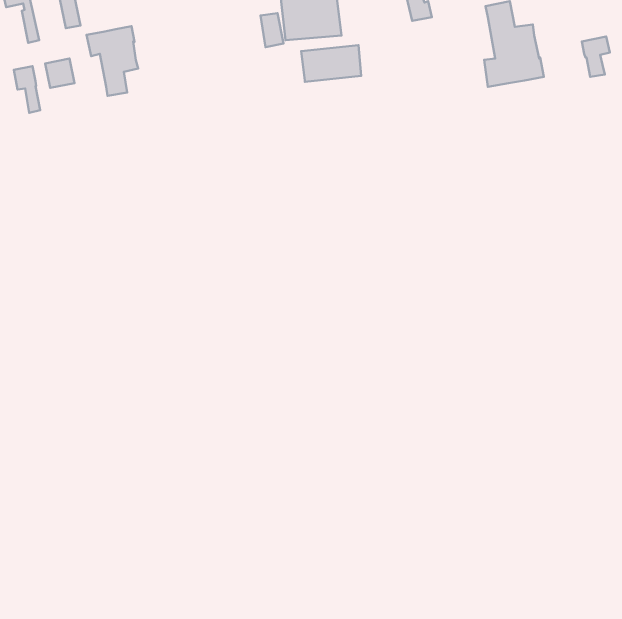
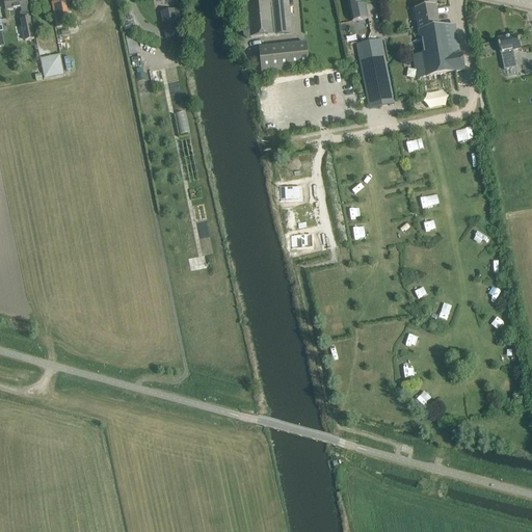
building: [260,13,284,47] -> [160,5,180,34]
building: [86,26,138,96] -> none
building: none -> [355,35,393,103]
building: [14,66,40,113] -> none

